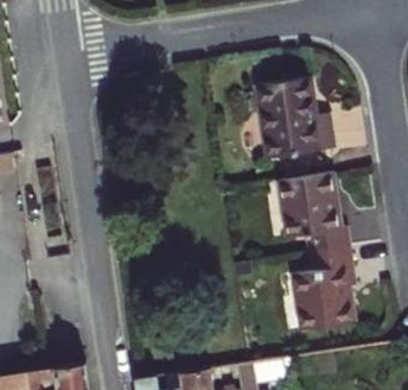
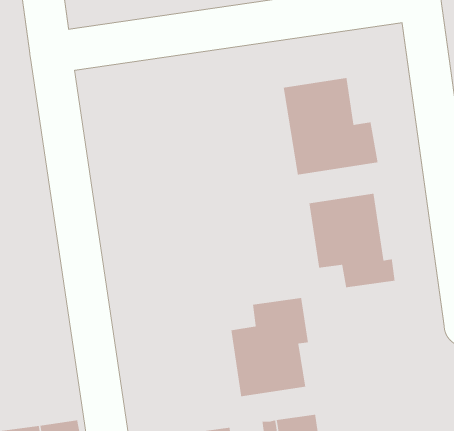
building: [291,247,356,331] -> [231,297,309,397]

